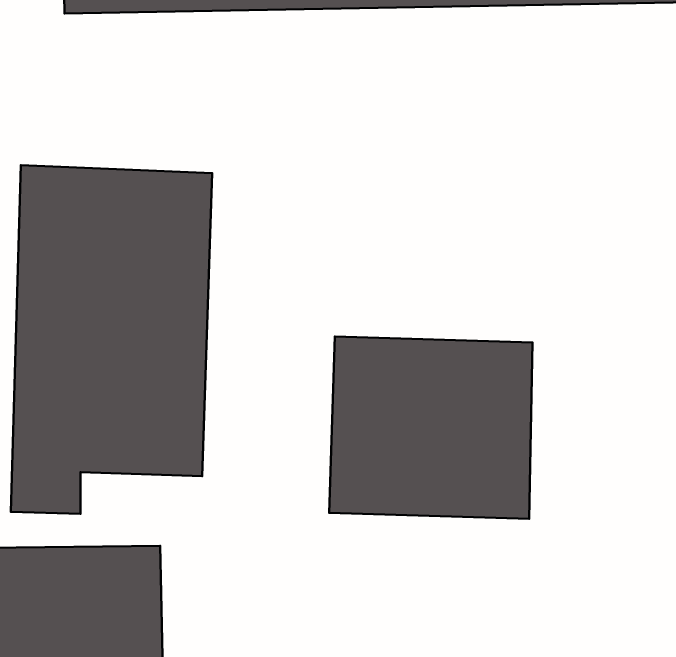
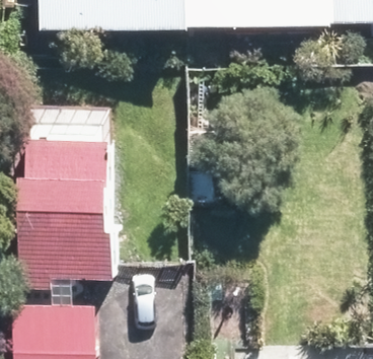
building: [329,337,533,519] -> none

